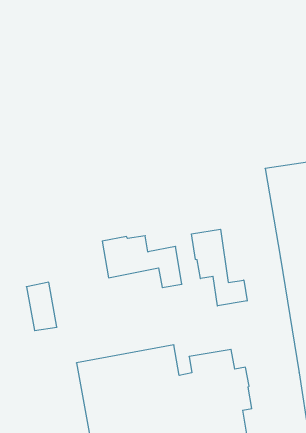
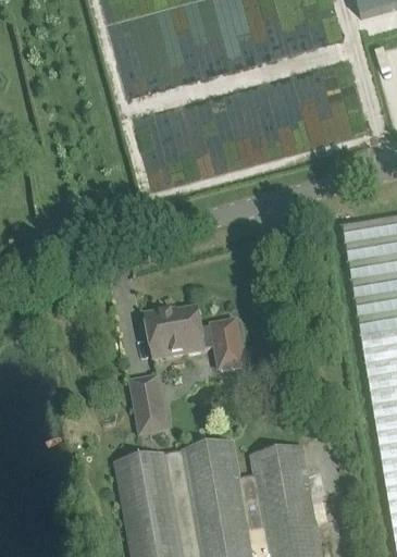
building: [192,229,247,306] -> none
building: [26,282,57,331] -> [131,377,168,436]

